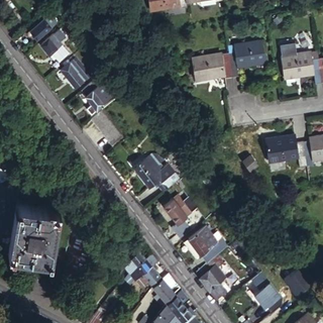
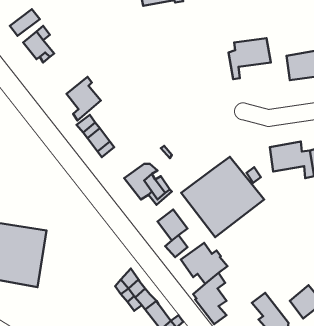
building: [191,53,232,80] -> none
building: [62,56,90,88] -> none
building: none -> [181,157,264,237]

